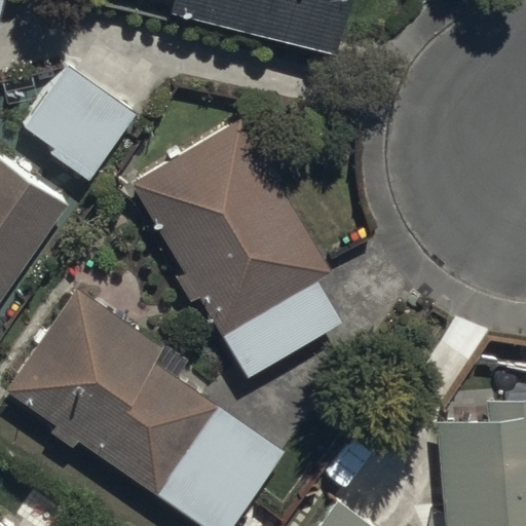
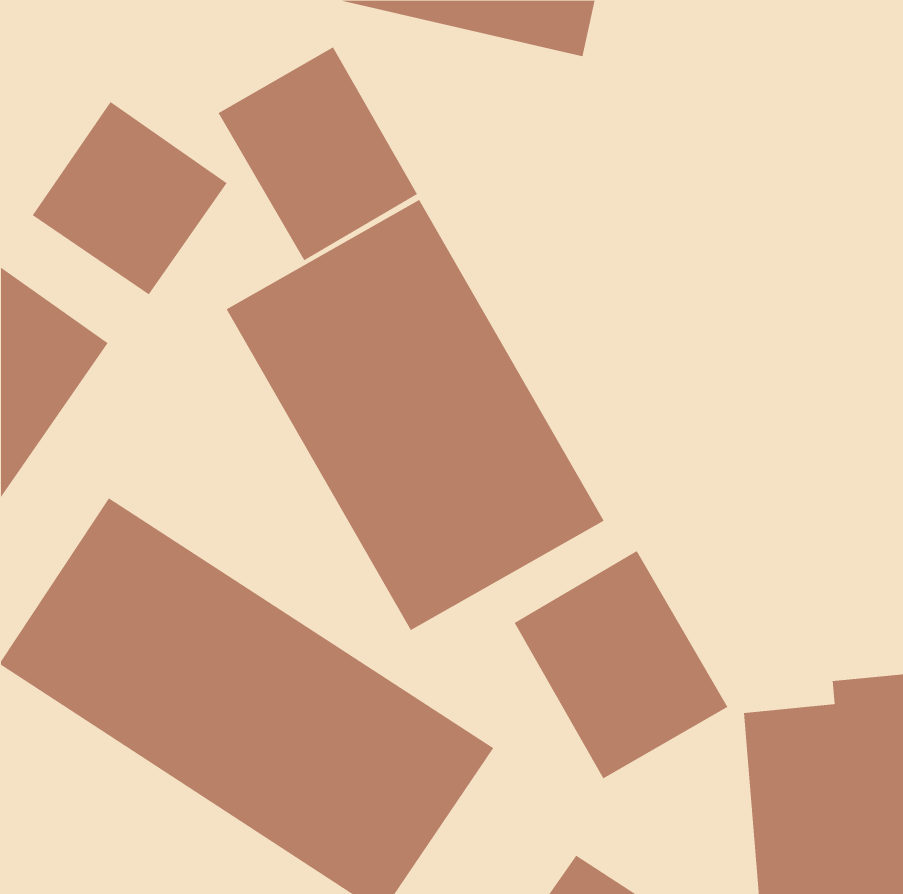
building: none -> [218,46,418,261]
building: none -> [514,550,728,779]

